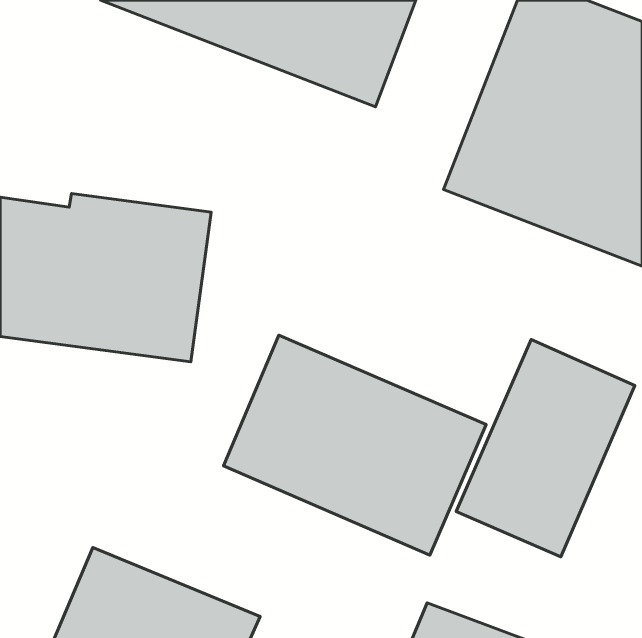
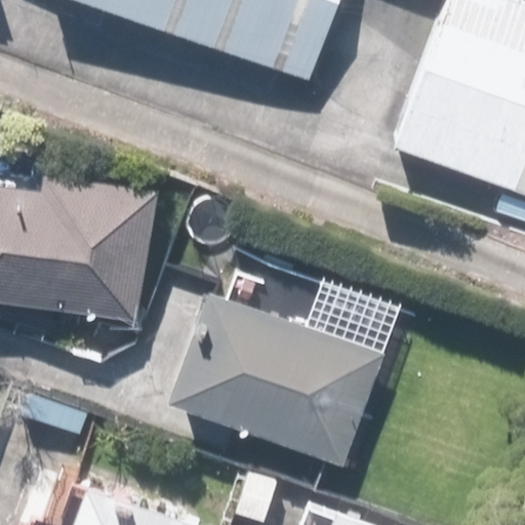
building: [456,340,635,557] -> none

